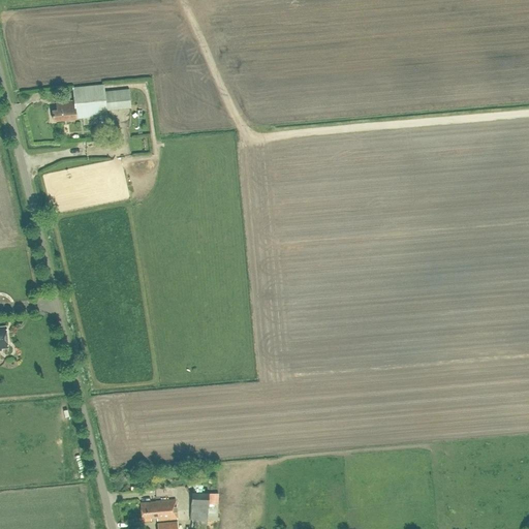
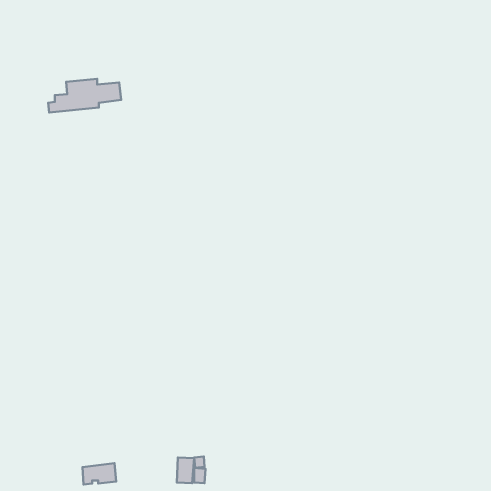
building: [141,499,177,522] -> [83,463,116,484]

